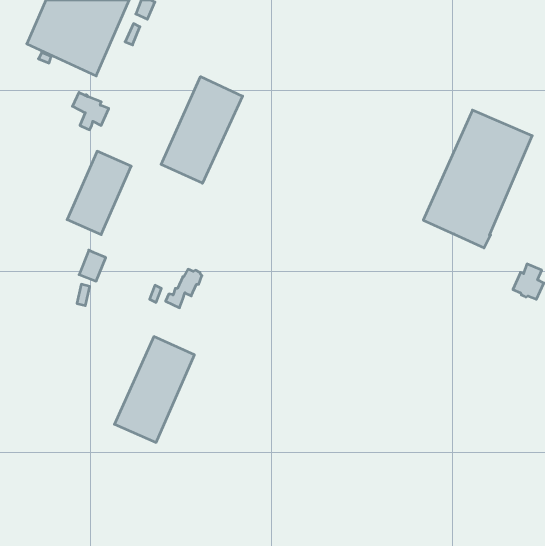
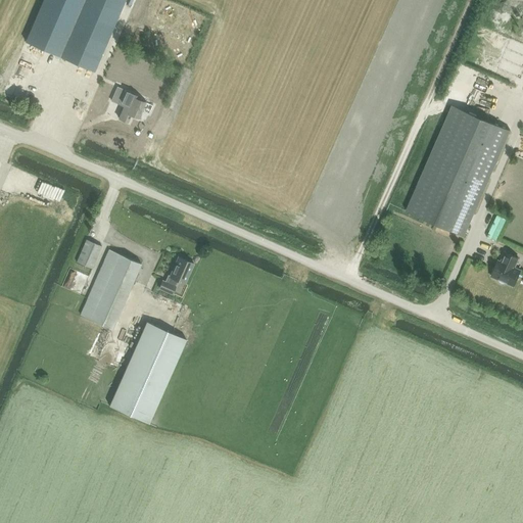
building: [161,77,243,183] -> none
building: [72,92,109,130] -> [110,87,145,123]
building: [67,151,131,235] -> [80,249,141,329]

